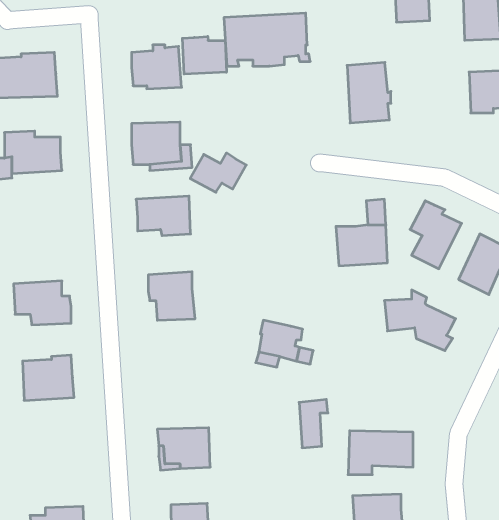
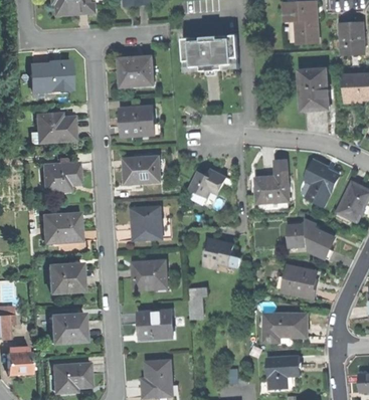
building: [182,36,226,74] -> none
building: [347,62,391,123] -> [301,68,330,109]
building: [190,153,246,192] -> [190,170,227,196]
building: none -> [43,158,79,193]
building: none -> [134,260,167,289]
building: none -> [283,267,318,297]
building: [299,399,328,448] -> [188,286,207,319]
building: none -> [50,313,84,343]

